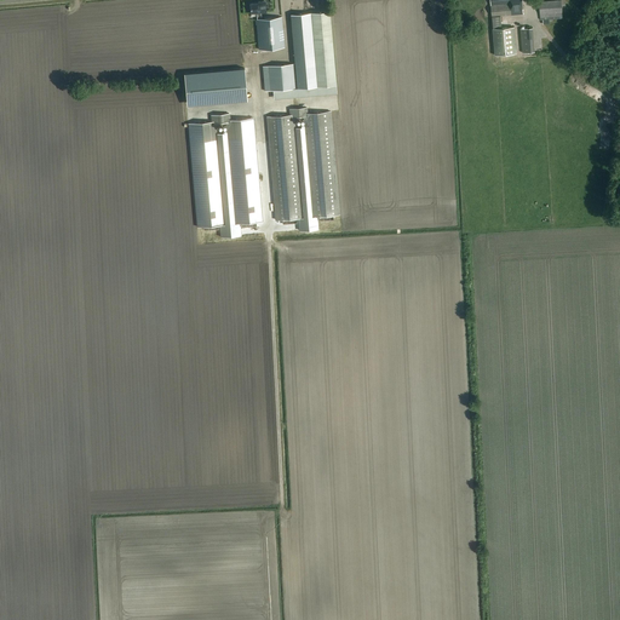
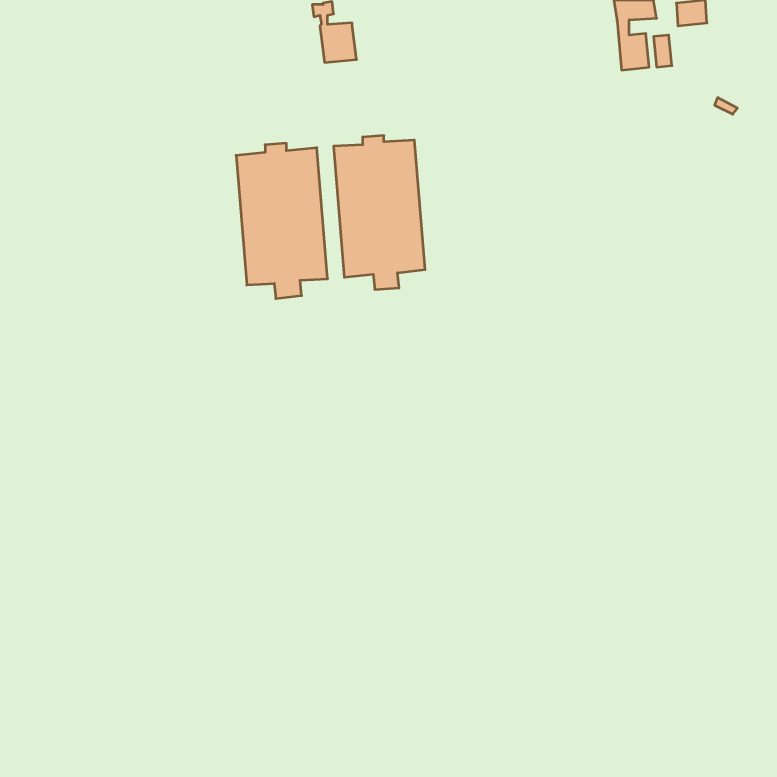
building: [260,13,334,92] -> none
building: [183,69,246,107] -> none

